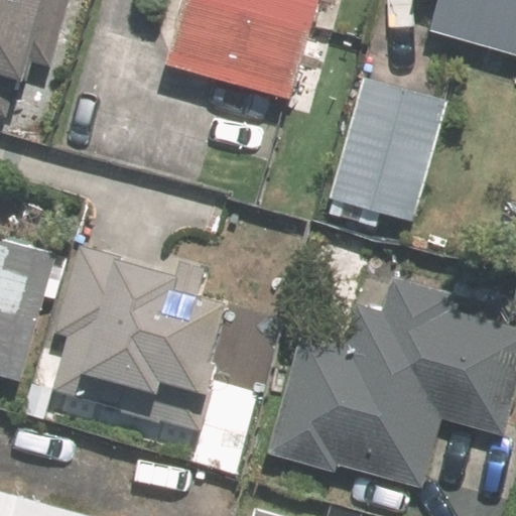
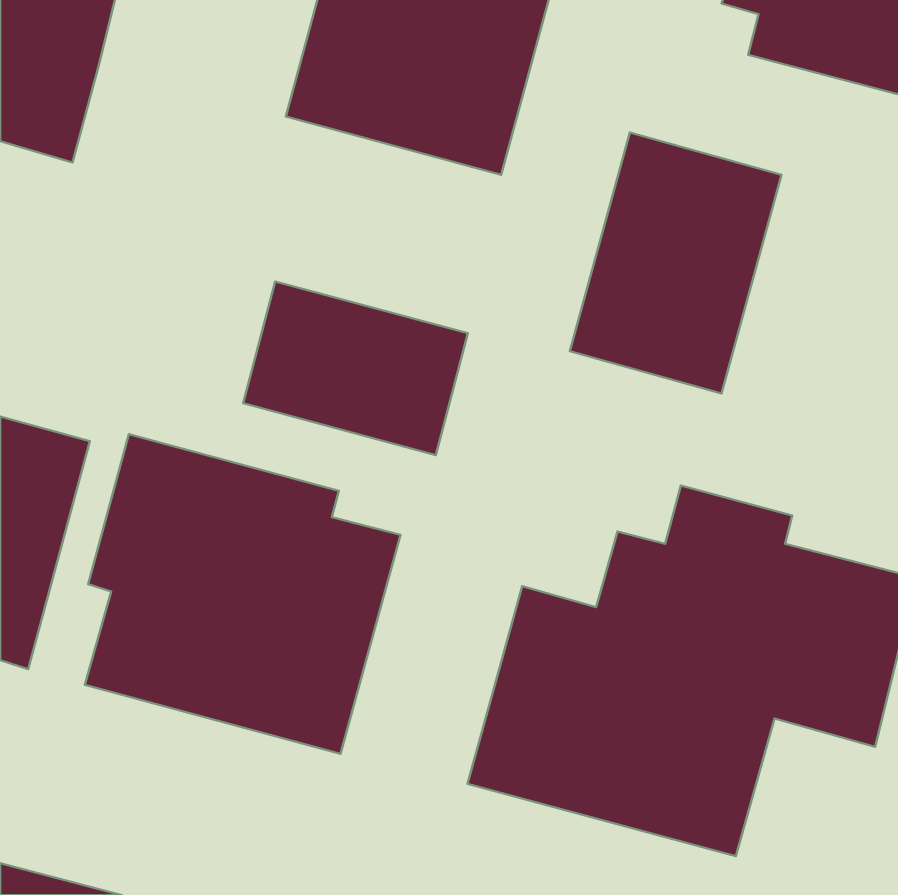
building: none -> [243,282,468,455]

